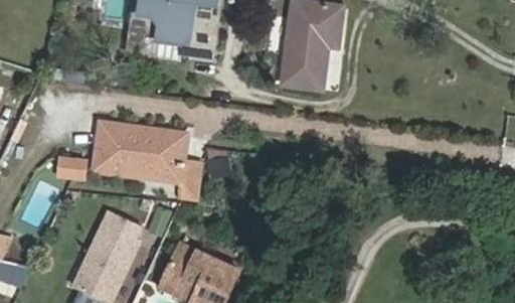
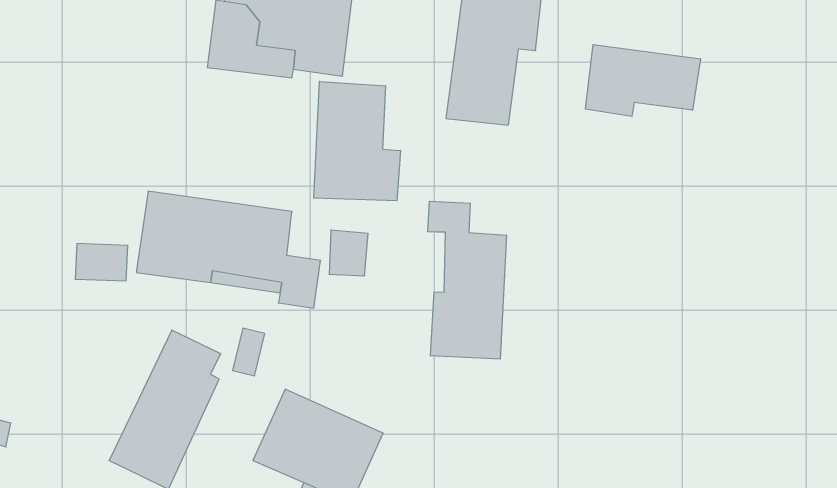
building: none -> [586,45,700,116]
building: none -> [314,81,401,201]
building: none -> [428,201,506,359]

